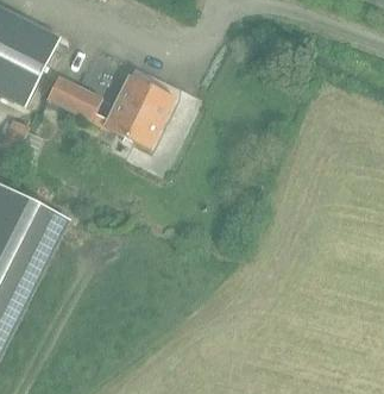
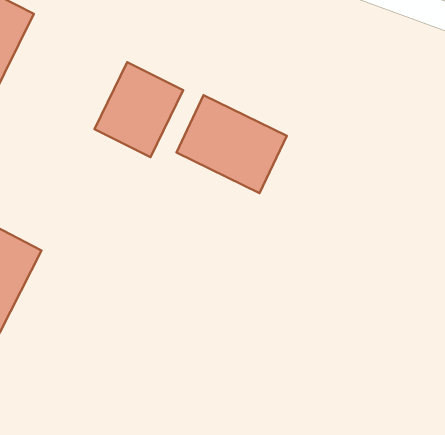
building: [49,75,105,124] -> none
building: none -> [176,95,287,193]

